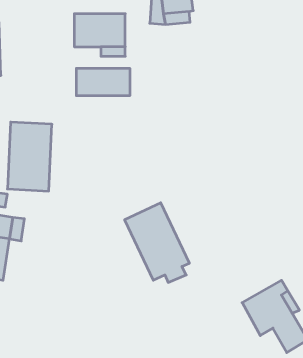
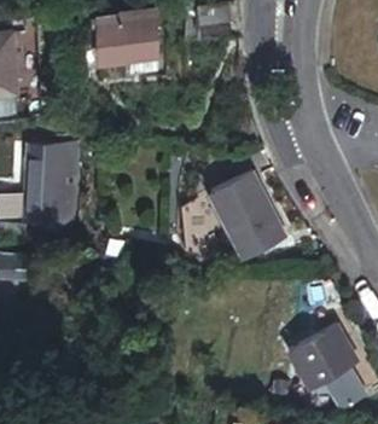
building: [76,68,130,96] -> none
building: [125,203,189,282] -> [209,165,283,256]

